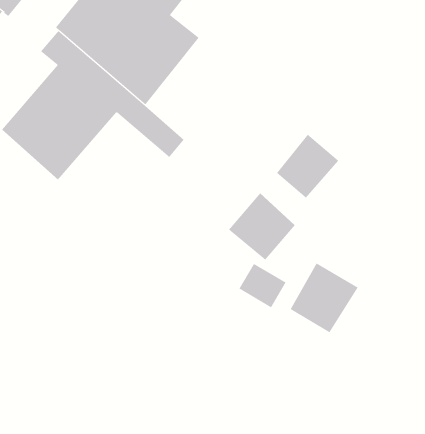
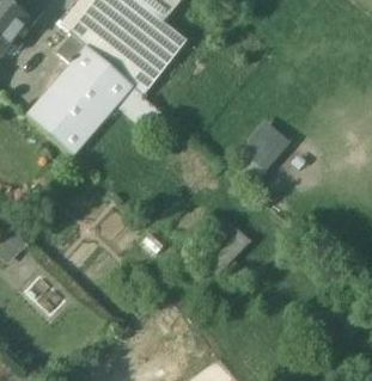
building: [228,192,296,261] -> none
building: [290,262,358,333] -> none

